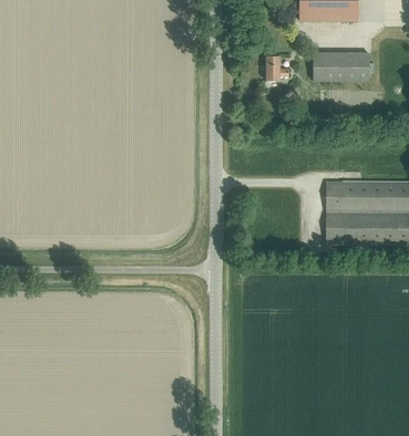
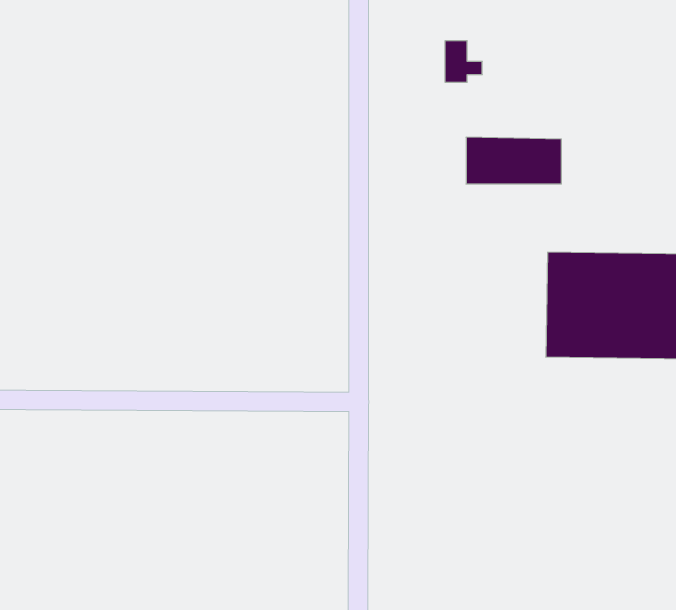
building: [313,52,369,80] -> [466,137,561,184]

